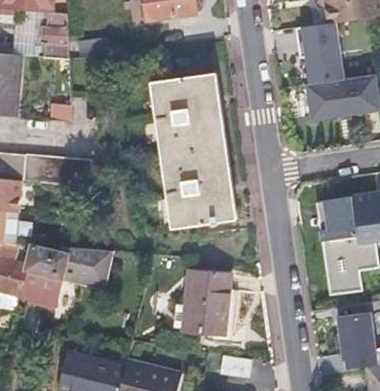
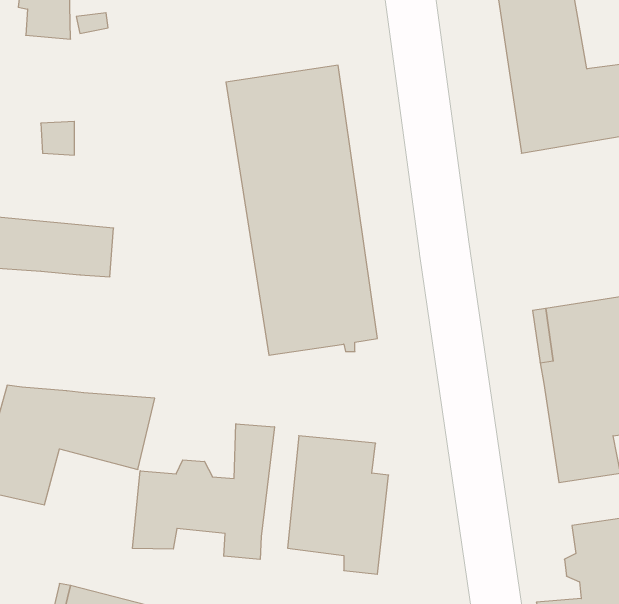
building: none -> [132,424,274,559]

